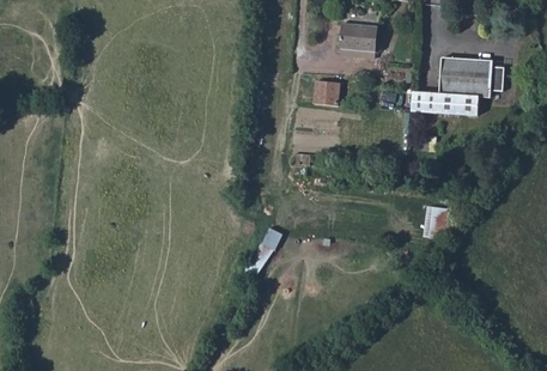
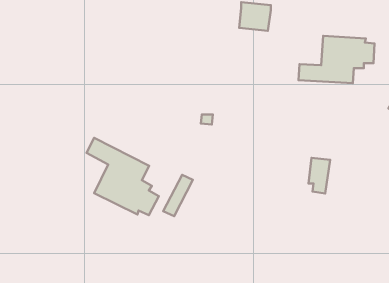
building: [312,81,339,105] -> none
building: none -> [86,138,159,215]

